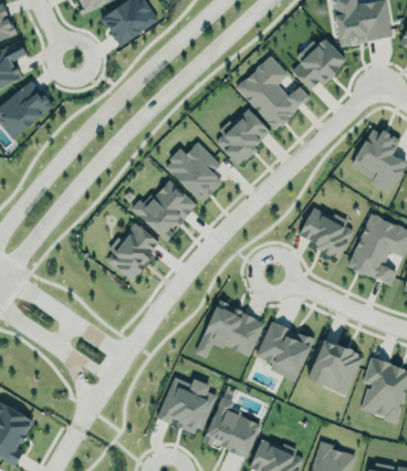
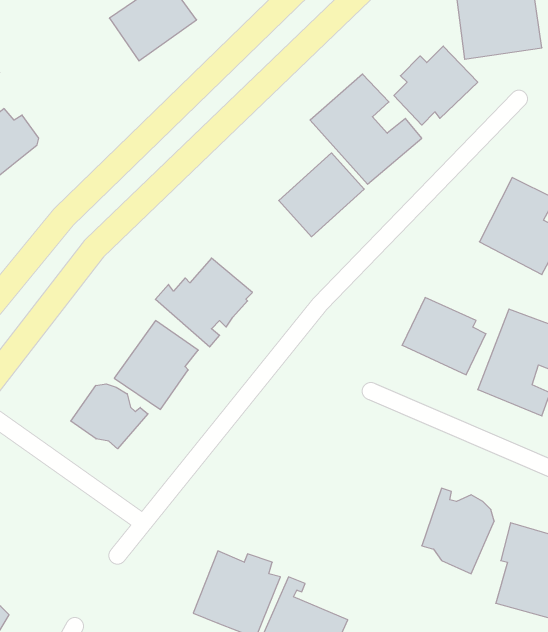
building: [167,142,227,202] -> none
building: none -> [71,384,148,449]
building: [196,302,264,358] -> none
building: [257,320,311,378] -> none

